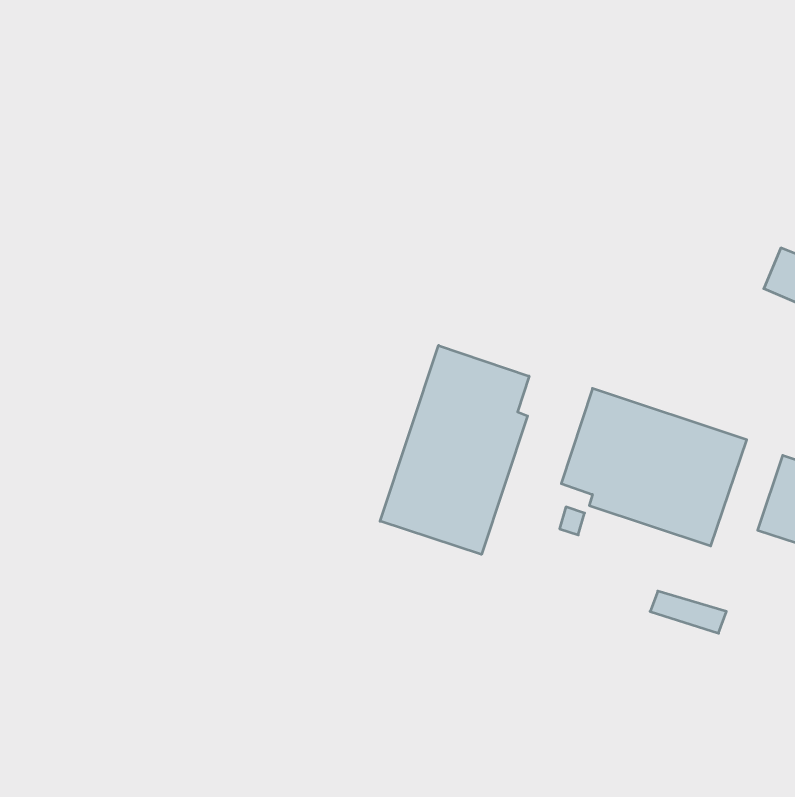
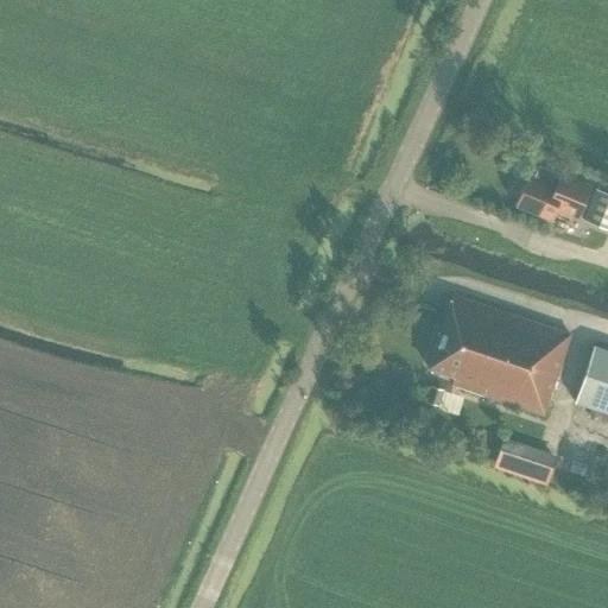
building: none -> [514,171,591,221]
building: [380,345,529,554] -> none

